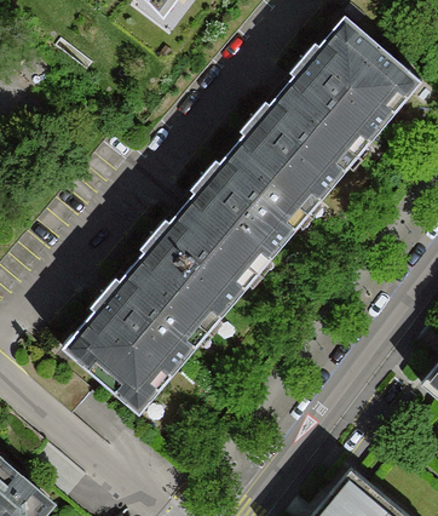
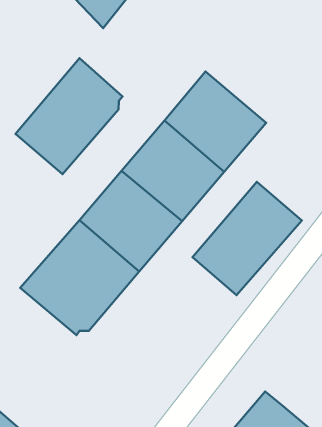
building: [283,17,411,151] -> none
building: none -> [16,58,123,174]
building: none -> [193,182,302,295]

